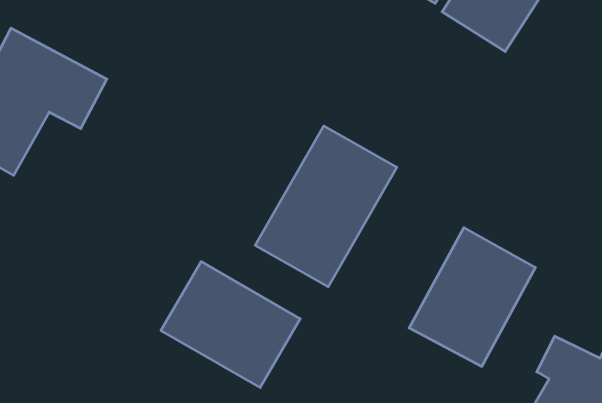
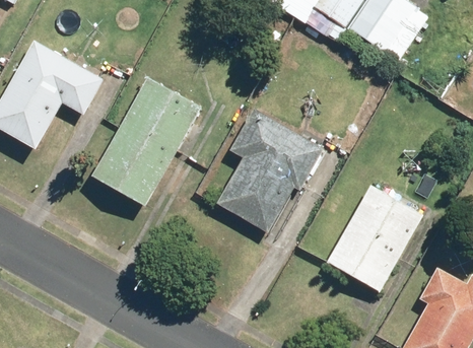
building: none -> [92,80,198,209]
building: [161,262,300,388] -> none

